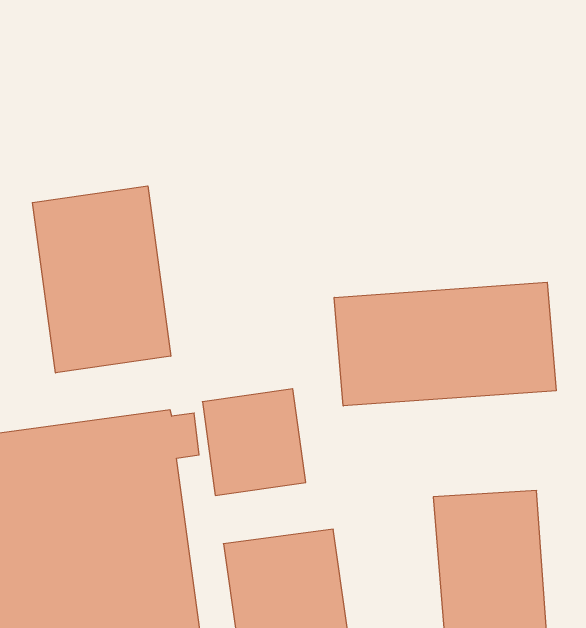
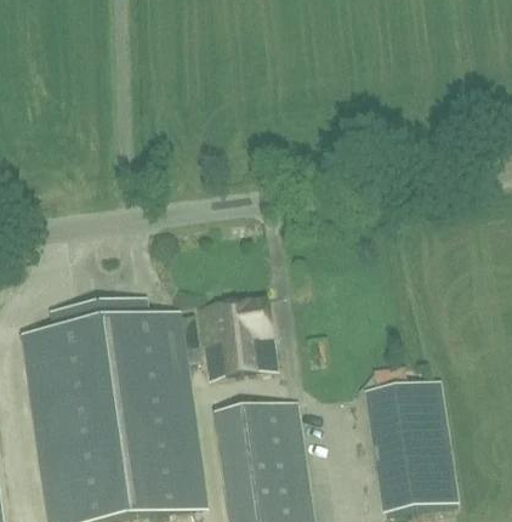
building: [32,186,171,373] -> none
building: [334,282,556,406] -> none

